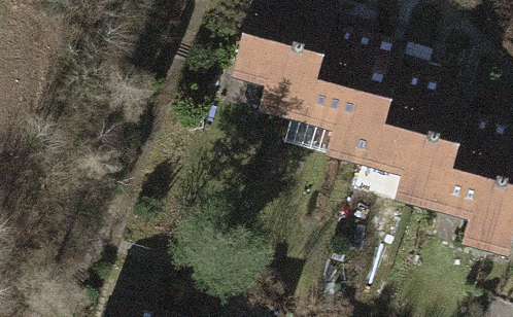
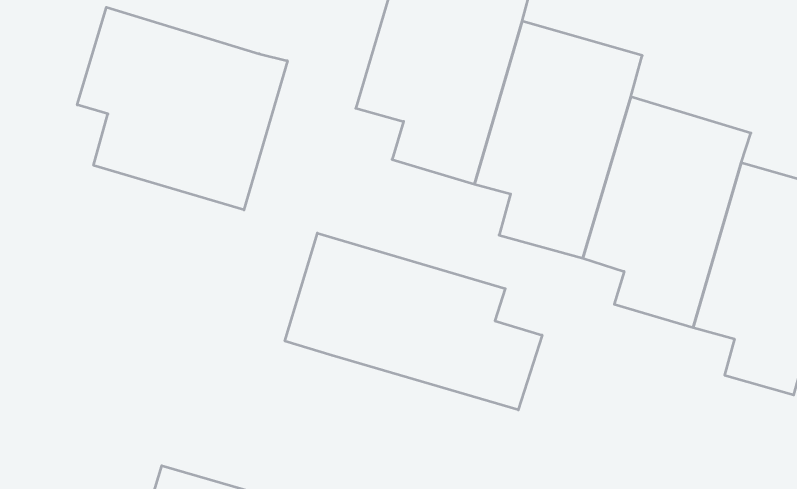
building: none -> [77,7,287,210]
building: none -> [285,233,542,410]

